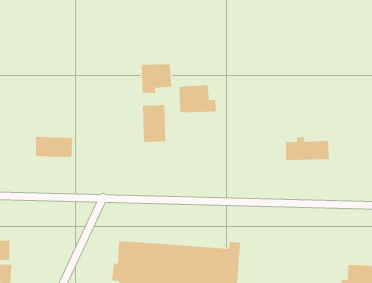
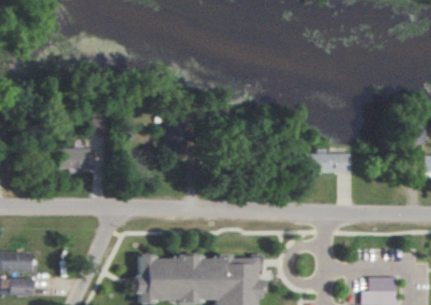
building: [141,63,172,94] -> none
building: [179,84,216,113] -> none

